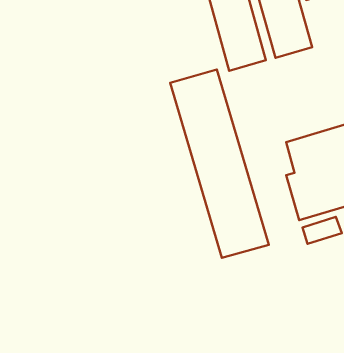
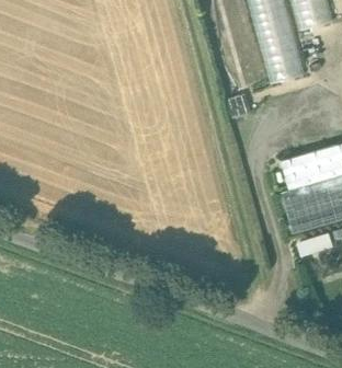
building: [170,69,269,258] -> none

